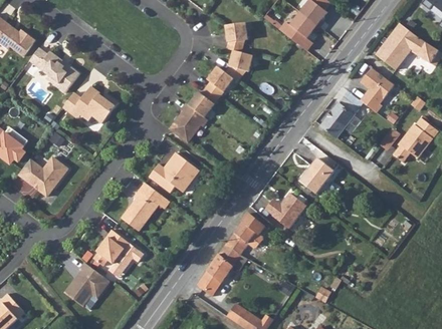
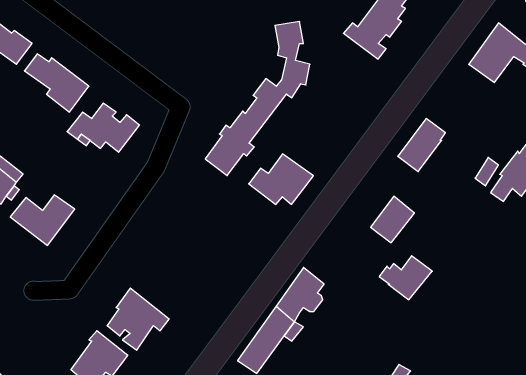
building: [359,66,393,112] -> none
building: [150,152,200,192] -> [249,154,313,204]
building: [122,182,168,231] -> none
building: [264,194,305,228] -> [379,256,432,300]

